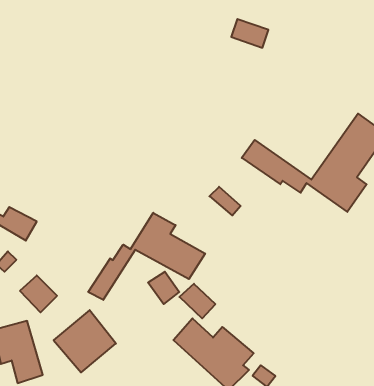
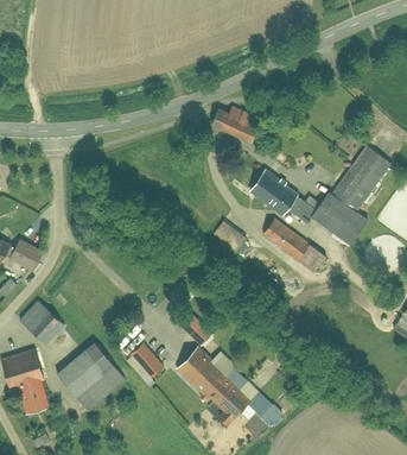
building: [231,19,268,48] -> [220,114,256,143]
building: none -> [262,220,323,273]
building: [88,213,205,300] -> none
building: [148,272,179,304] -> [133,345,164,377]

